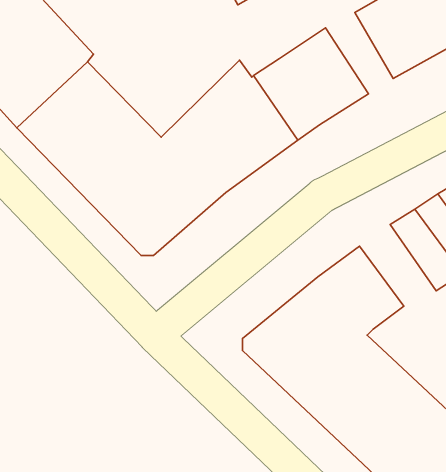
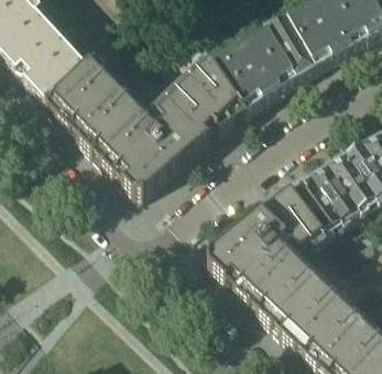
building: none -> [262,19,313,77]
building: none -> [288,171,343,231]

